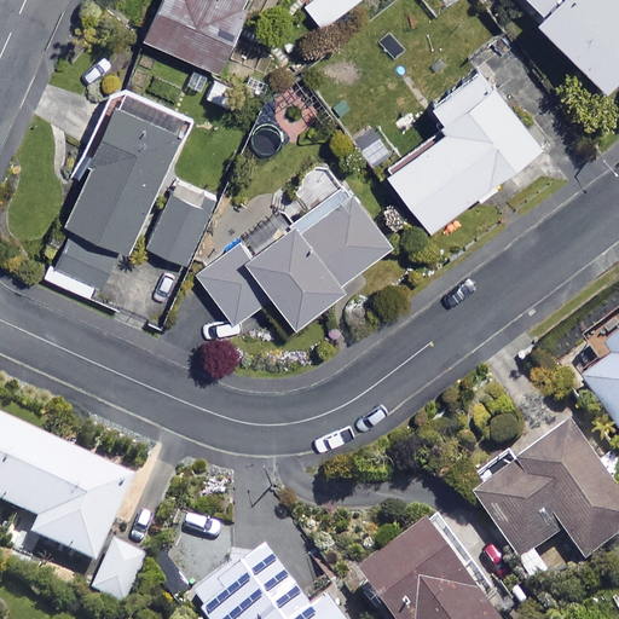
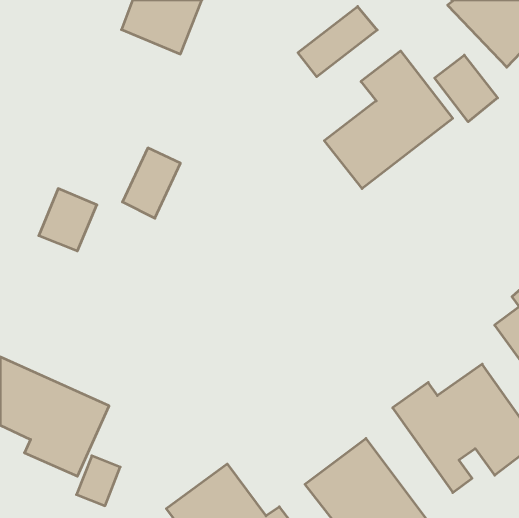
building: none -> [298,6,377,77]
building: none -> [435,55,498,122]
building: [62,85,184,245] -> none
building: [197,160,394,324] -> none

